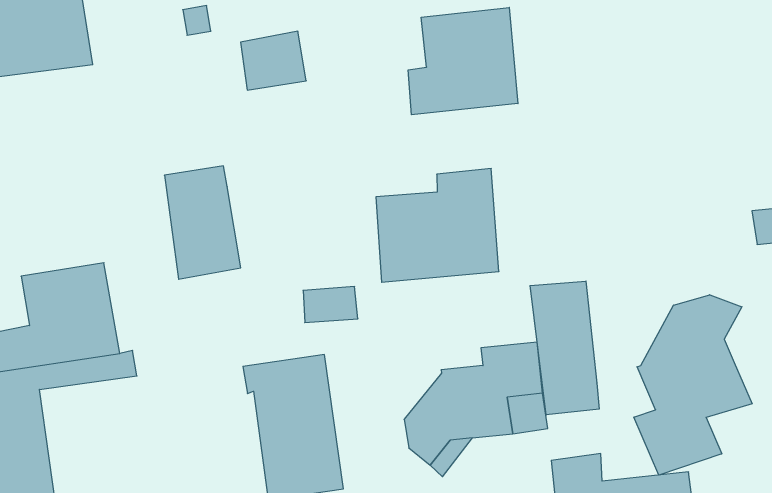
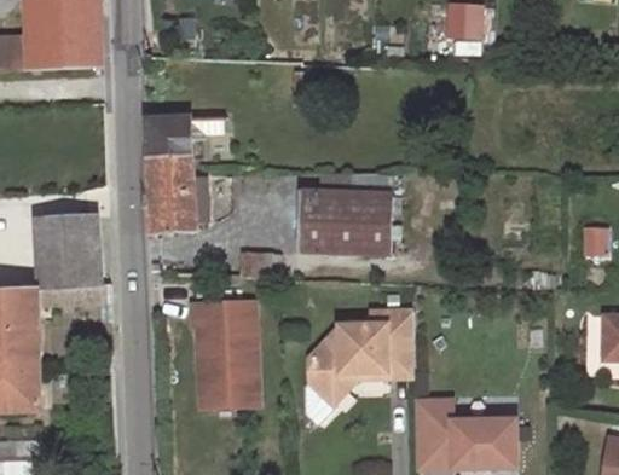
building: [408,7,518,115] -> none
building: [241,31,306,90] -> [146,116,192,156]
building: [530,281,599,415] -> none
building: [634,295,752,475] -> none

